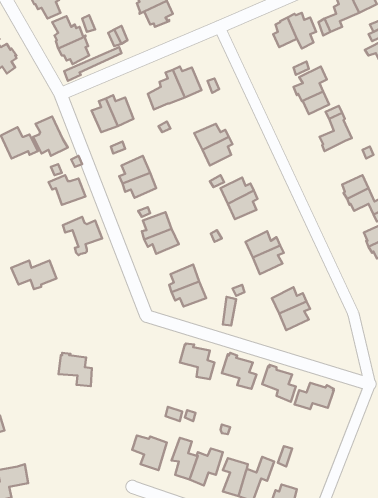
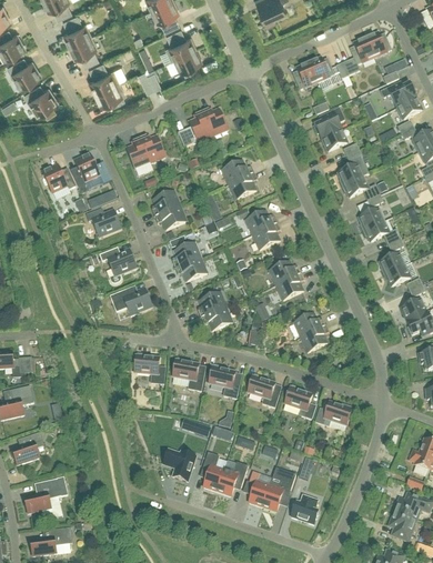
building: none -> [342,175,382,207]
building: [11,261,57,289] -> [109,289,151,315]
building: none -> [172,356,203,390]
building: [59,353,92,386] -> [133,352,164,383]

